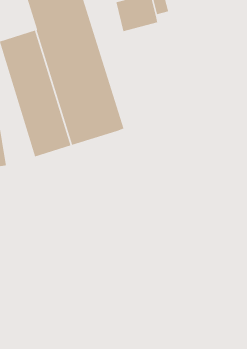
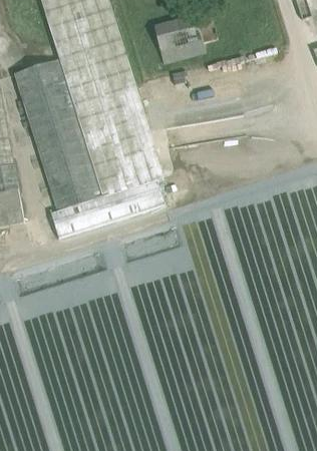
building: none -> [51,179,165,237]

